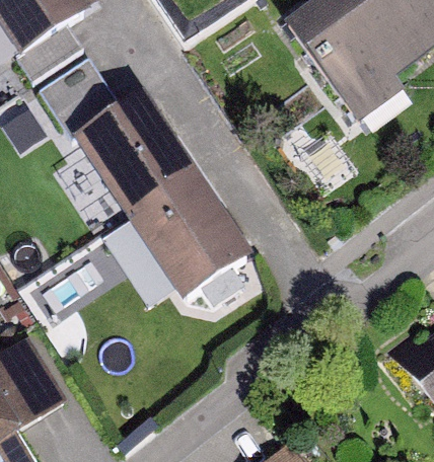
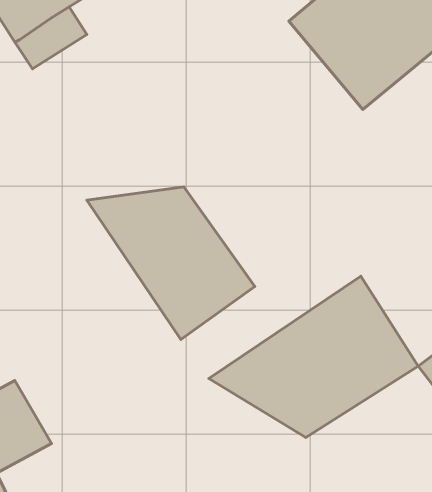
building: [37,64,187,192] -> none
building: none -> [209,276,418,438]

